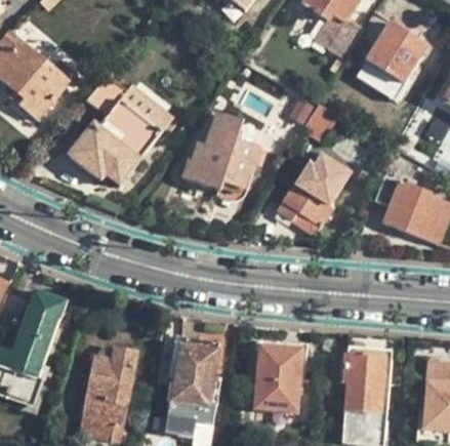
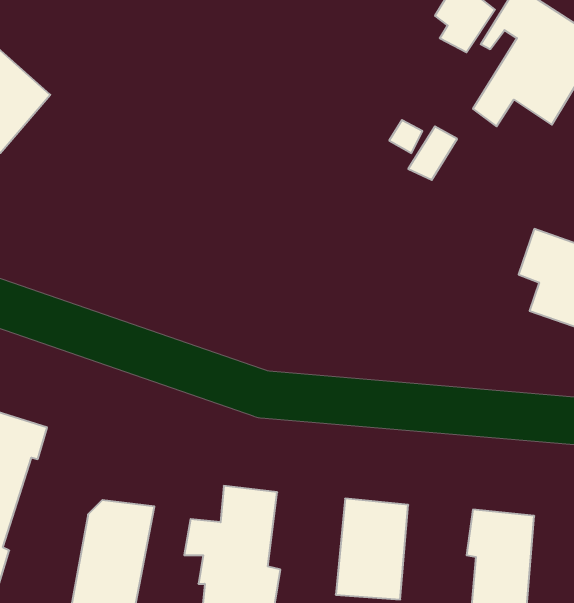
building: [66,70,169,187] -> none
building: [182,112,258,200] -> none
building: [276,155,349,237] -> none

